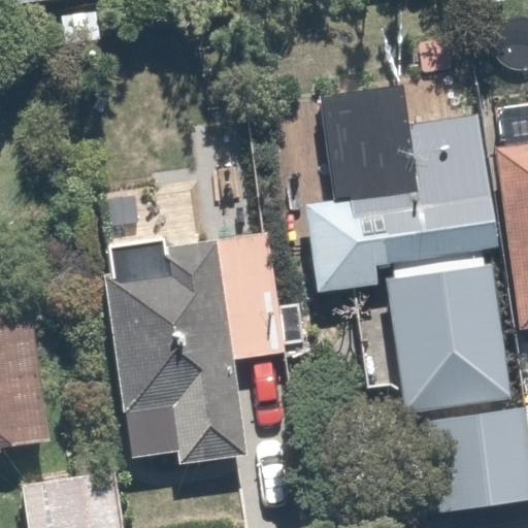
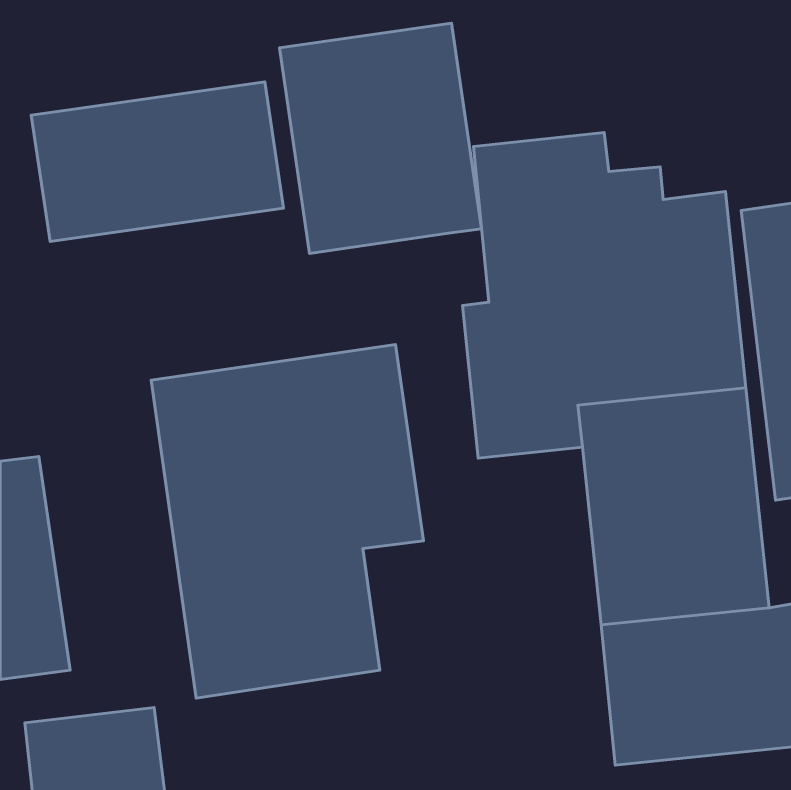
building: none -> [280,23,482,253]
building: none -> [31,82,284,241]

